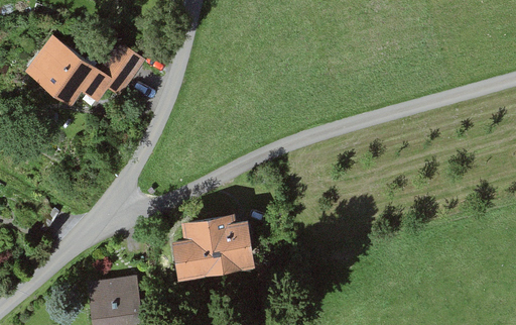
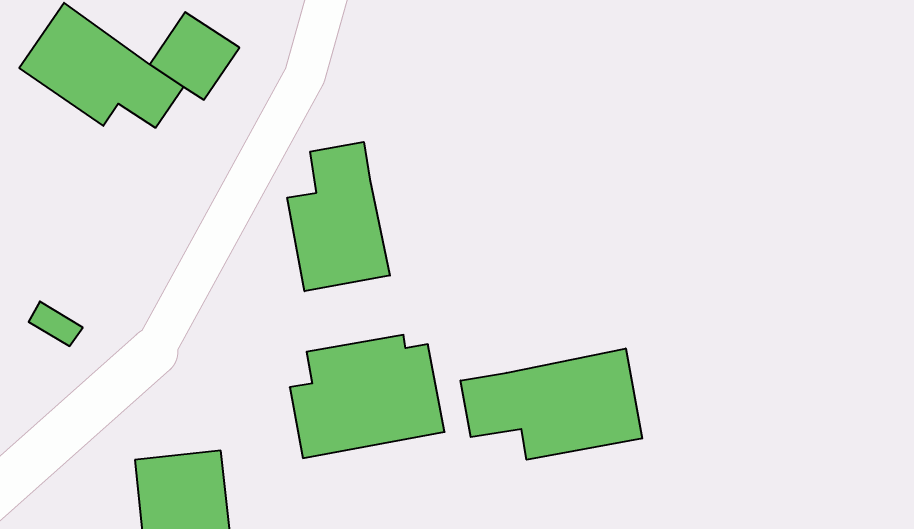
building: none -> [287,142,390,291]
building: none -> [461,348,642,460]

